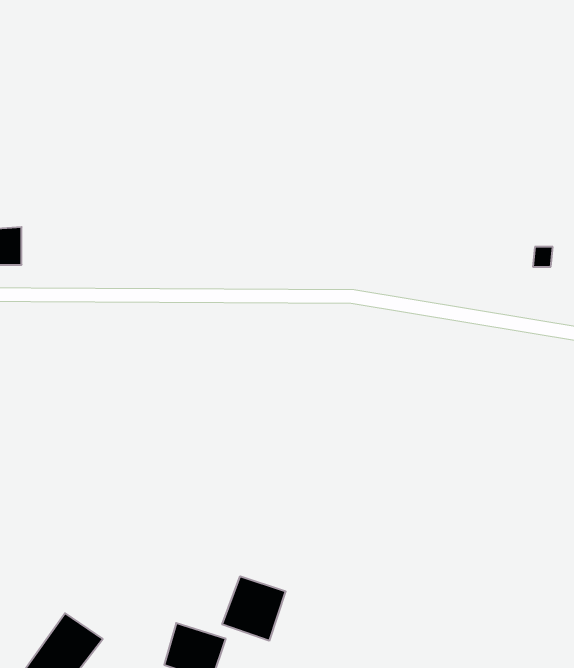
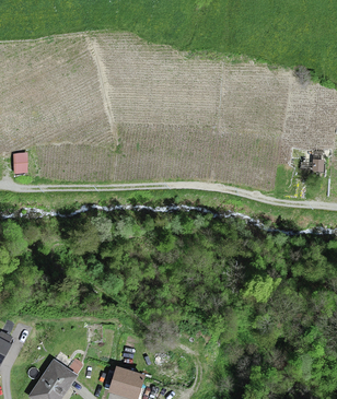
building: [222,576,286,641] -> none

